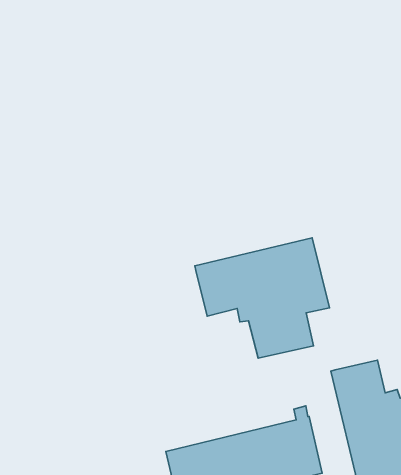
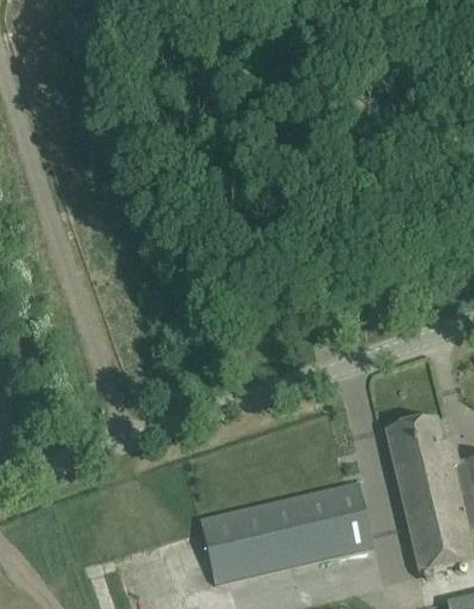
building: [195,238,329,358] -> none

